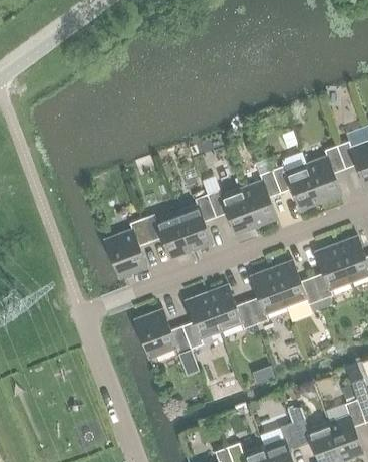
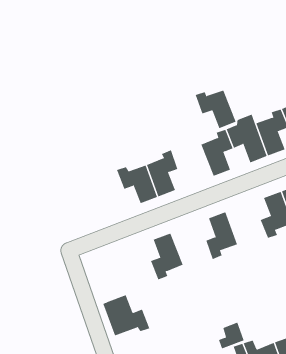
building: [207,188,256,234] -> [195,90,237,129]
building: [104,218,150,277] -> none
building: [271,259,320,306] -> none
building: [206,284,255,330] -> none
building: [134,308,191,358] -> [102,295,150,336]

